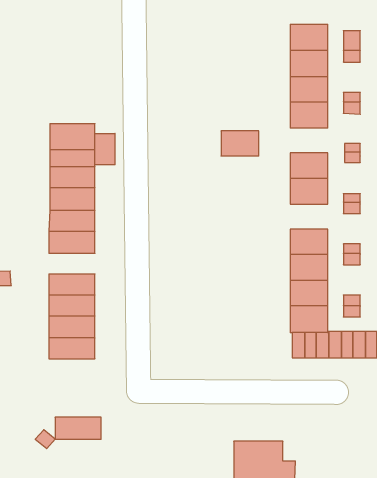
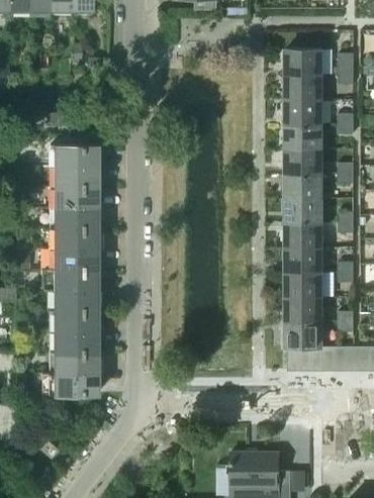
building: [221,131,259,156] -> [287,148,323,173]
building: [95,133,115,165] -> none
building: none -> [287,222,323,246]
building: none -> [41,270,98,290]
building: [55,417,101,439] -> [54,372,98,393]

